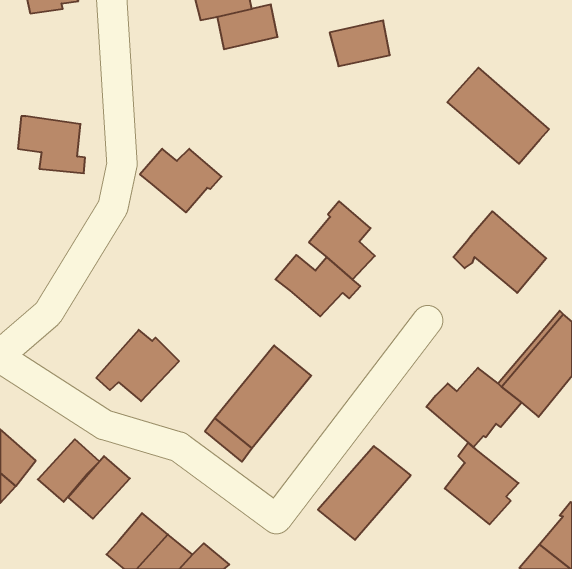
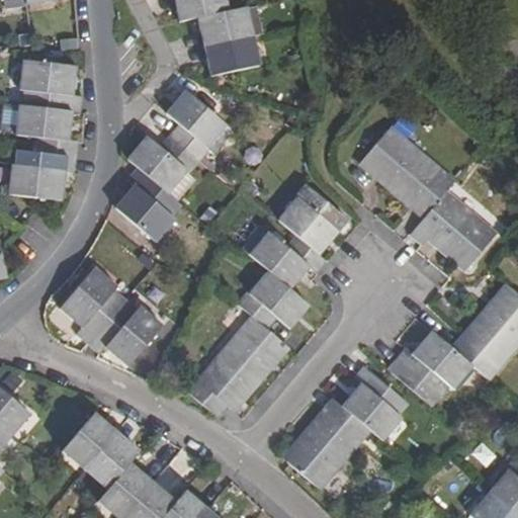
building: [330,20,390,66] -> [202,33,257,75]
building: none -> [21,60,84,113]
building: [447,68,549,164] -> [361,126,453,213]
building: none -> [167,87,232,160]
building: none -> [8,153,76,201]
building: none -> [118,167,182,242]
building: none -> [229,263,303,323]
building: none -> [61,265,125,342]
building: [38,439,99,502] -> [84,433,140,490]
building: [445,443,519,524] -> [342,365,409,439]

